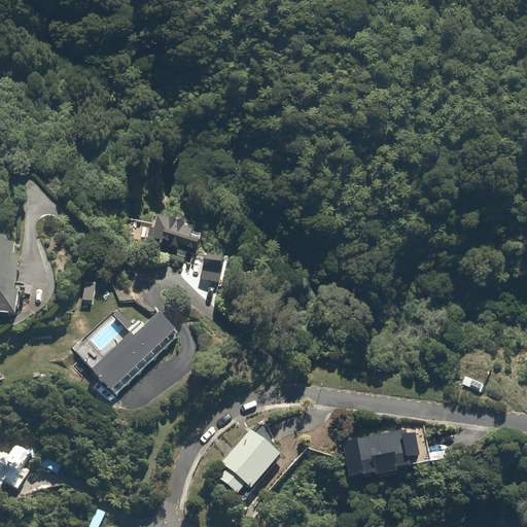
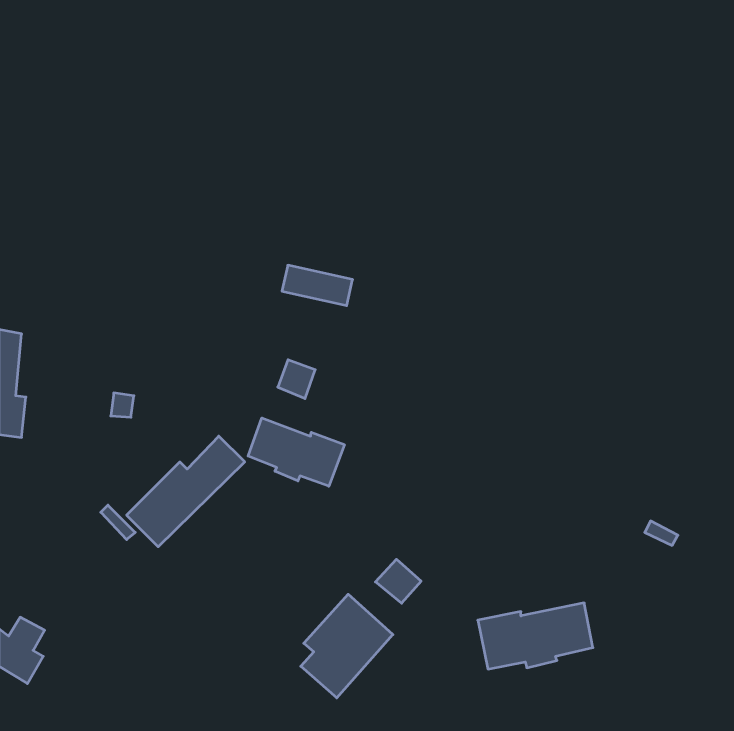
building: [151,217,202,246] -> [282,265,353,306]
building: none -> [248,418,344,486]
building: none -> [375,559,421,603]

